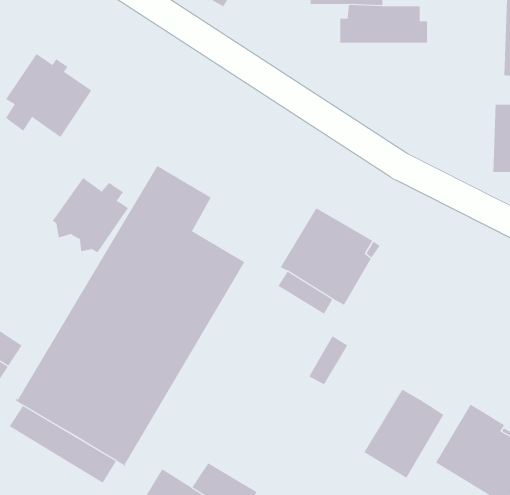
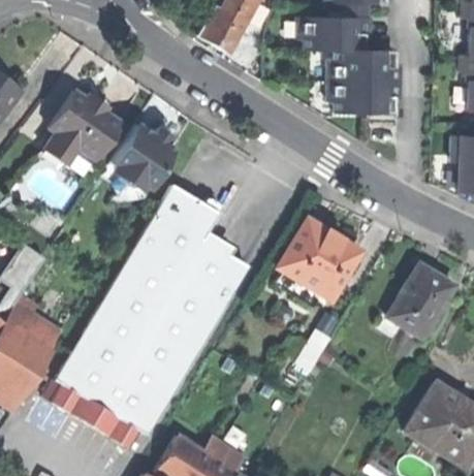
building: none -> [326,83,400,116]
building: [52,177,129,253] -> [112,125,176,188]
building: [363,389,444,478] -> [387,263,454,338]

